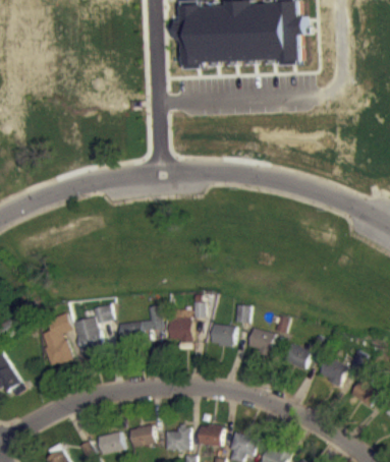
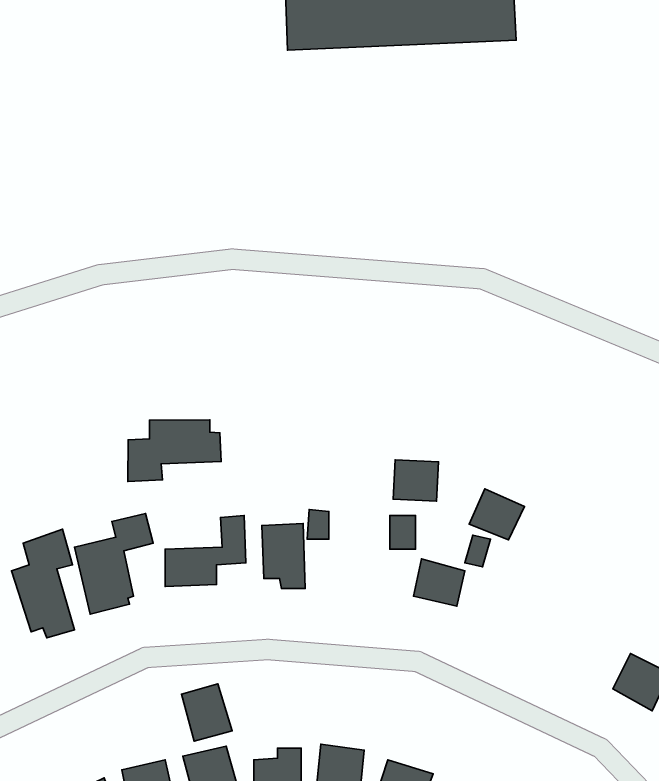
building: none -> [128,420,221,482]
building: [212,325,235,346] -> [393,460,439,501]
building: [284,343,313,369] -> [469,489,524,540]
building: [319,357,348,385] -> none
building: none -> [182,684,232,741]

